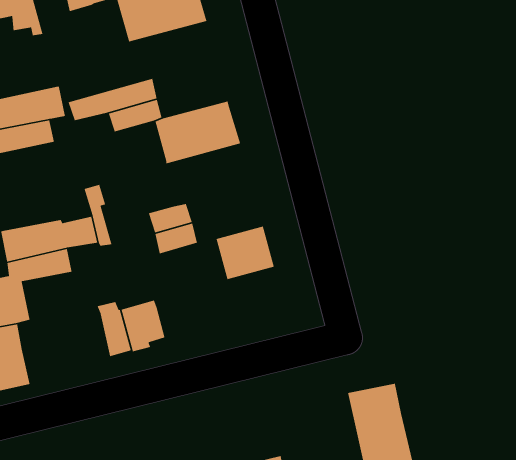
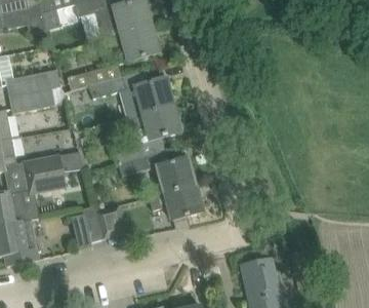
building: none -> [101,27,159,61]
building: none -> [122,105,180,141]
building: none -> [148,184,202,220]

